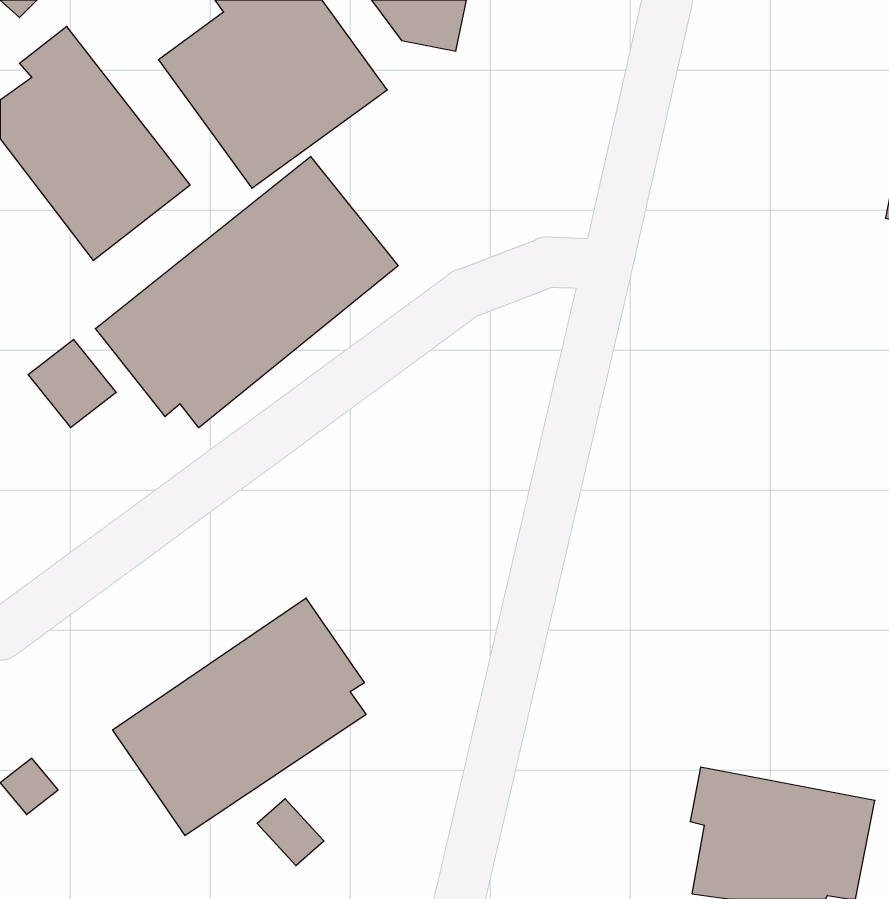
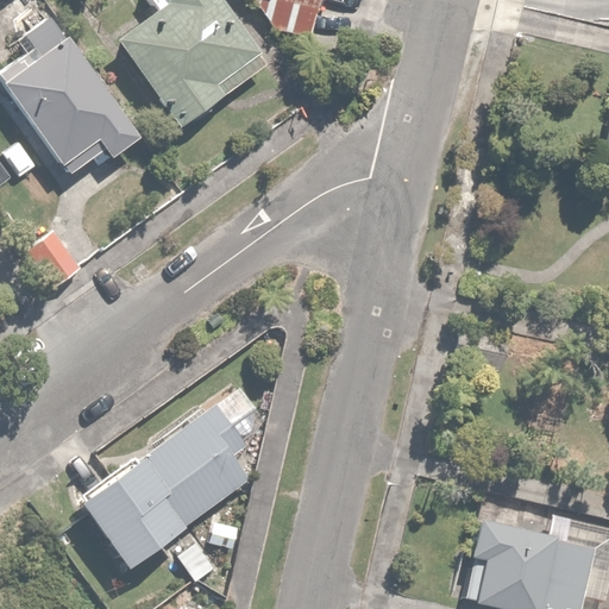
building: [95,156,398,428] -> none

